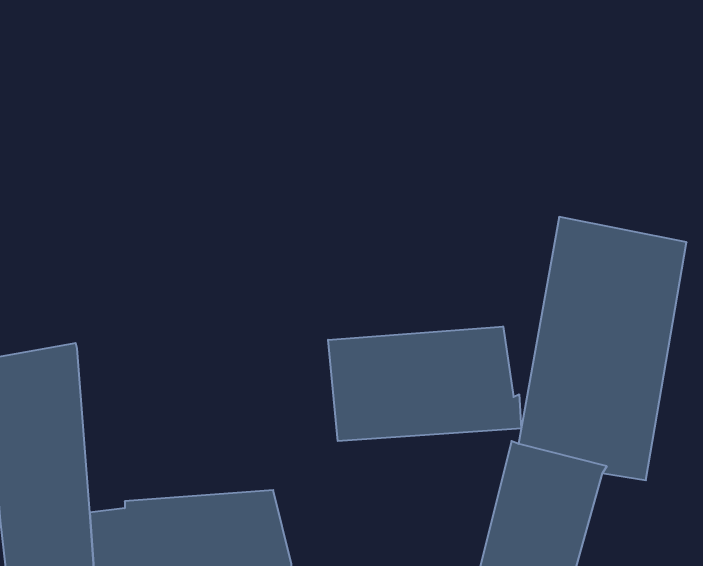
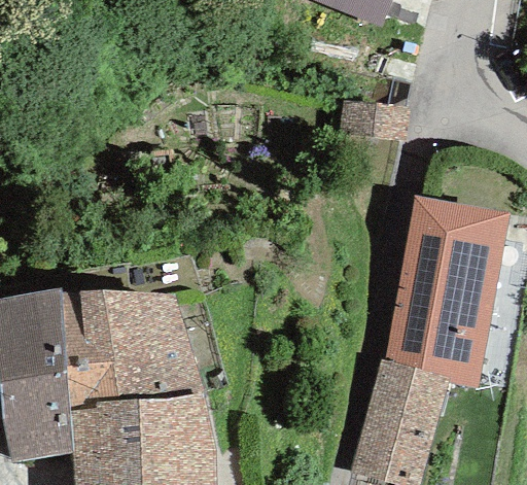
building: [328,326,521,441] -> none
building: none -> [61,290,205,413]

